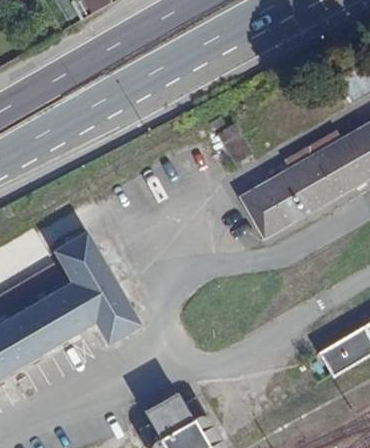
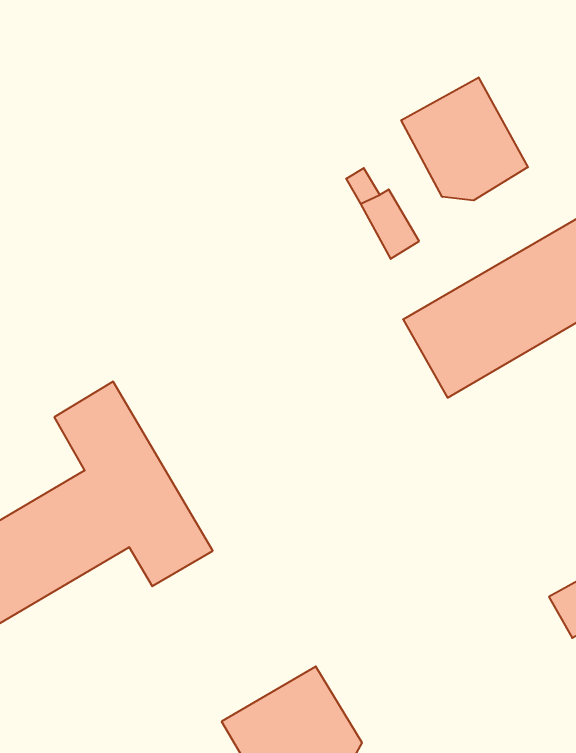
building: none -> [401,77,528,200]

